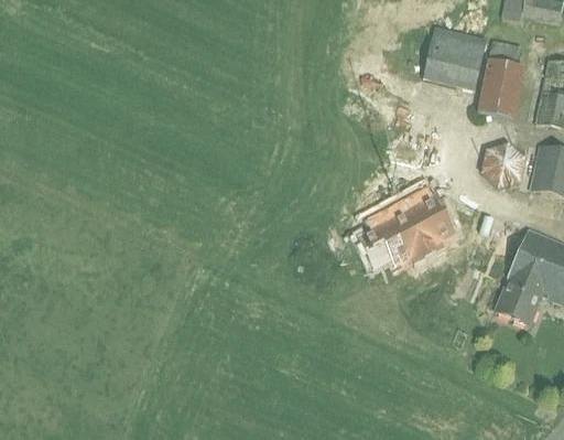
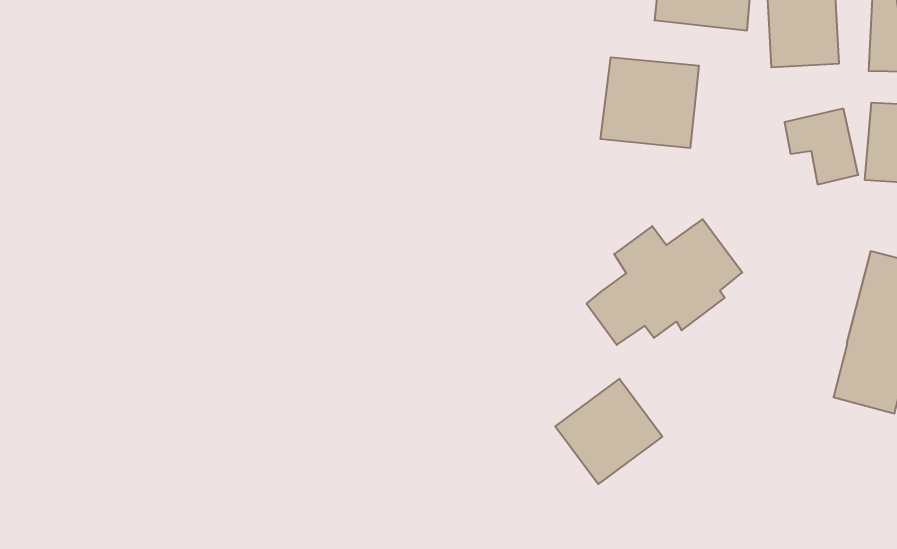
building: none -> [600,57,699,148]
building: none -> [555,379,662,484]

